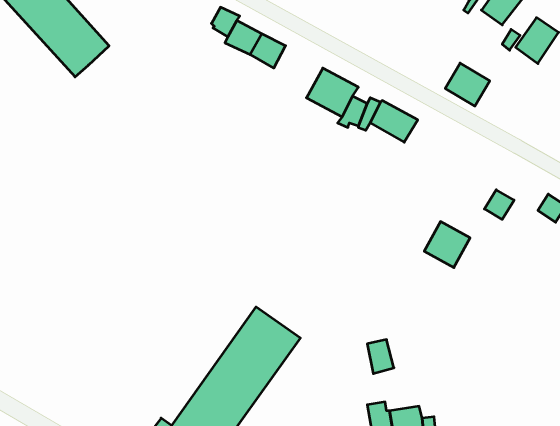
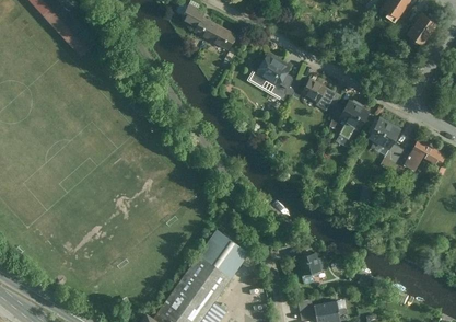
building: [445,63,490,106] -> [337,97,370,129]
building: none -> [402,137,431,171]
building: [424,222,470,268] -> [366,114,400,148]

